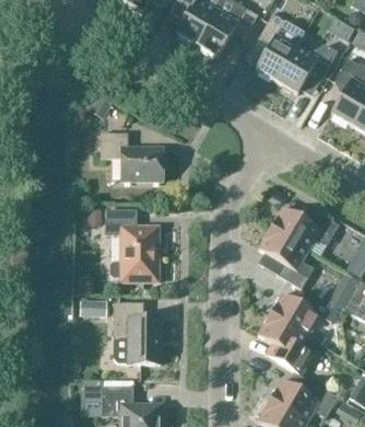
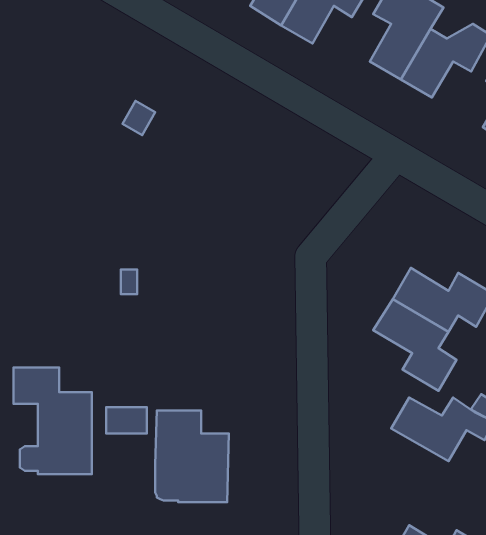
building: [99,132,163,181] -> none
building: [105,210,157,281] -> [13,368,92,474]
building: [258,314,313,374] -> none

